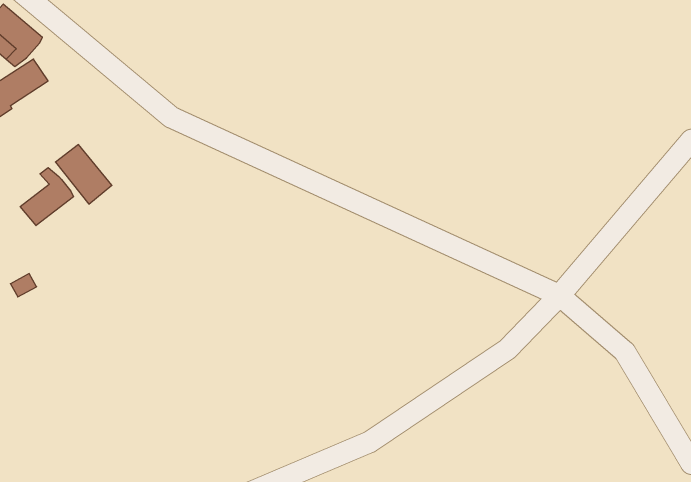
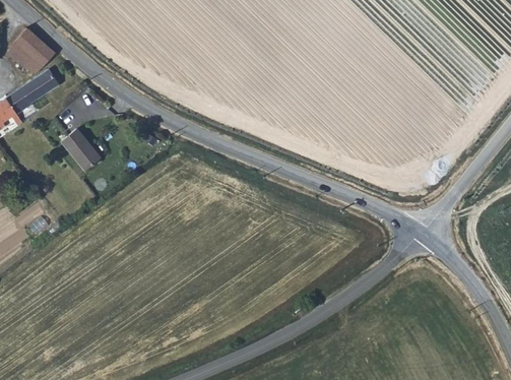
building: [20,168,73,226] -> none

